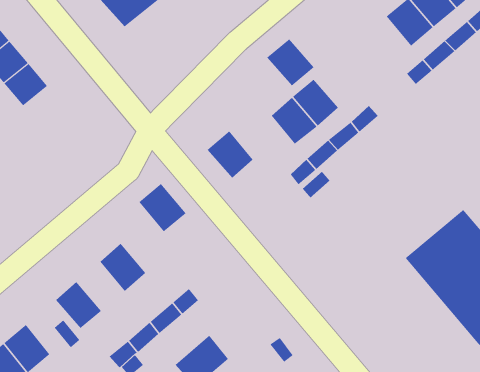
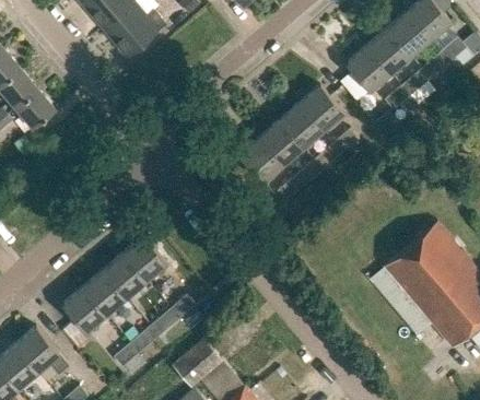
building: none -> [344,47,387,91]
building: [267,38,315,86] -> [298,86,342,130]
building: [207,131,254,179] -> [238,138,281,181]
building: [138,183,186,232] -> [122,236,166,281]
building: none -> [82,271,126,316]

